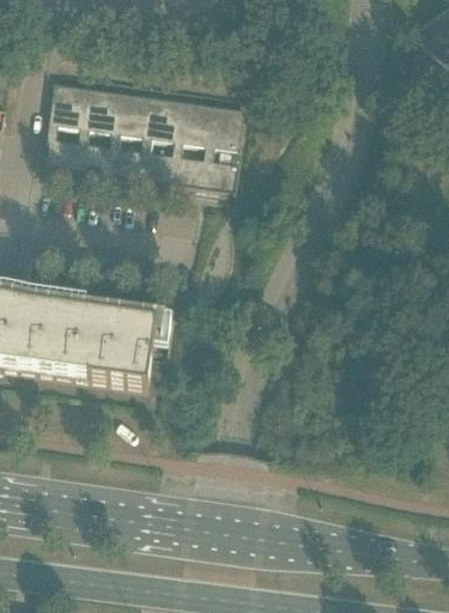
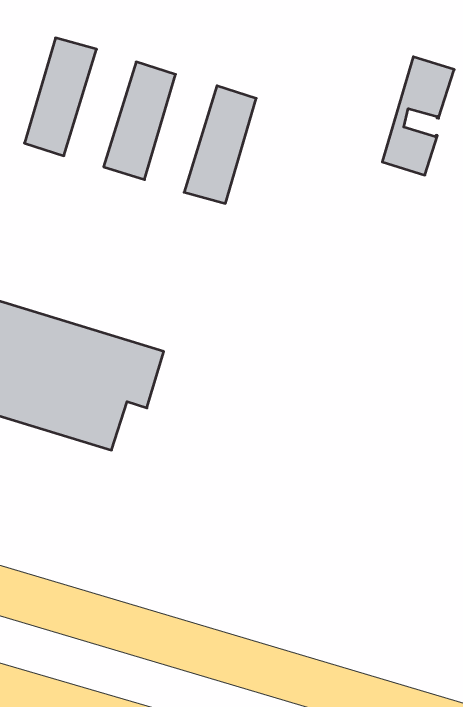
building: [72,86,115,174] -> none
building: [135,96,178,183] -> none
building: [199,104,242,192] -> [382,57,454,175]

